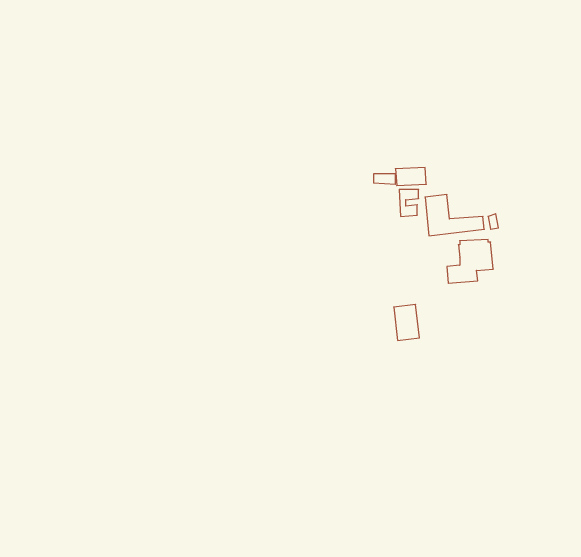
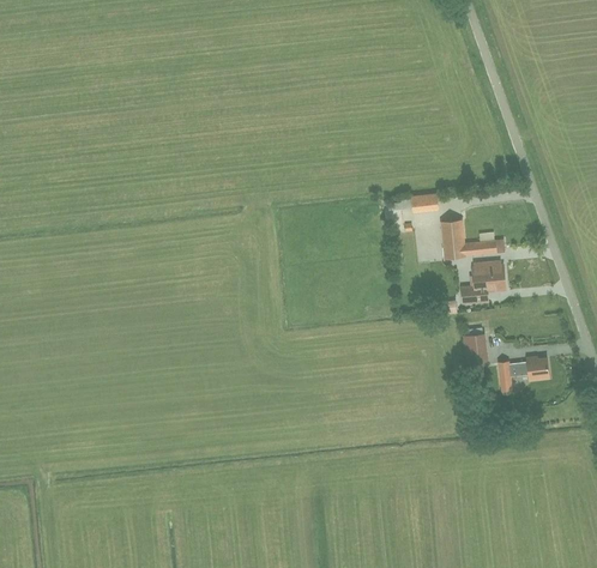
building: [394,304,419,340] -> [463,332,487,365]
building: none -> [498,356,548,393]

